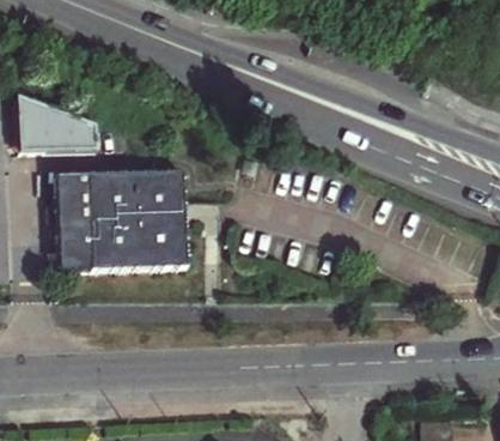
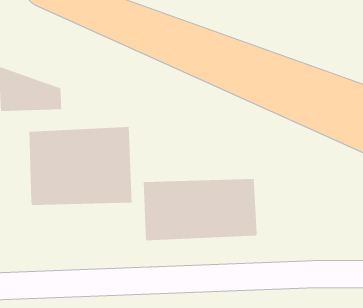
building: none -> [143,178,258,241]

